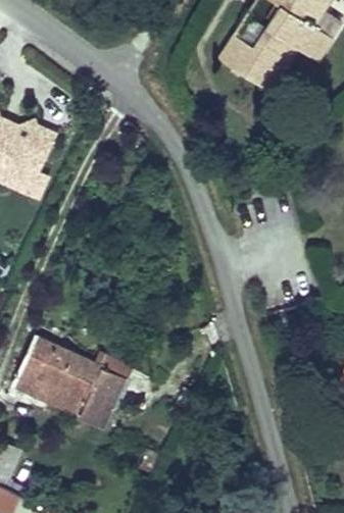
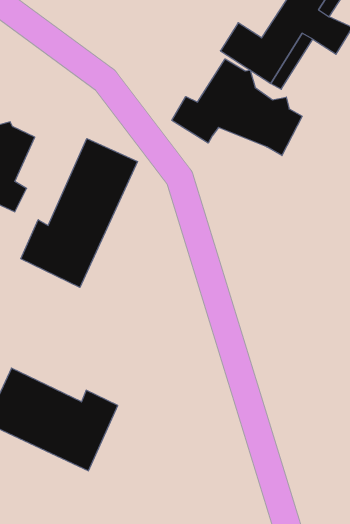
building: none -> [172,59,302,156]
building: none -> [21,139,138,287]

